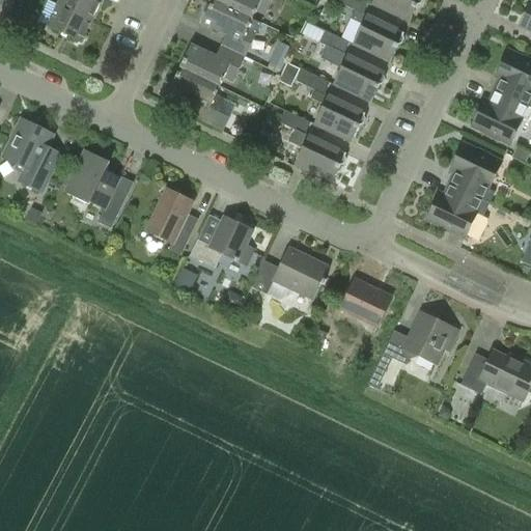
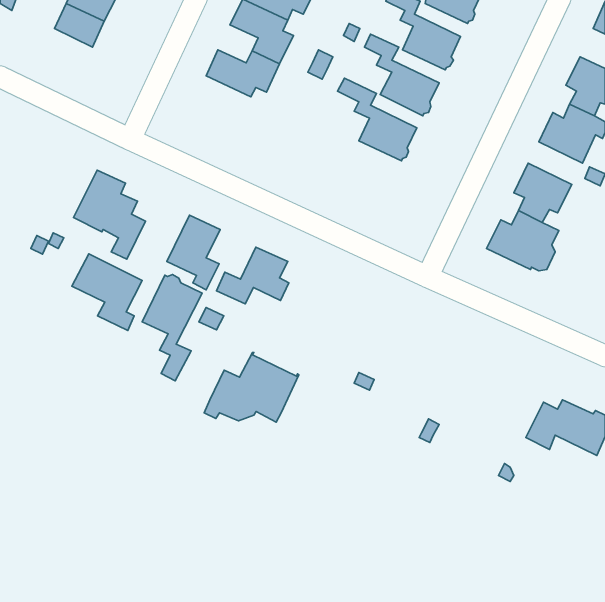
building: [169,66,229,129] -> none
building: [280,110,345,181] -> none
building: [4,118,57,191] -> none
building: none -> [72,254,142,330]
building: [249,240,332,301] -> [204,352,299,422]
building: none -> [142,274,202,381]
building: [340,279,391,326] -> none
building: [383,311,458,364] -> none

